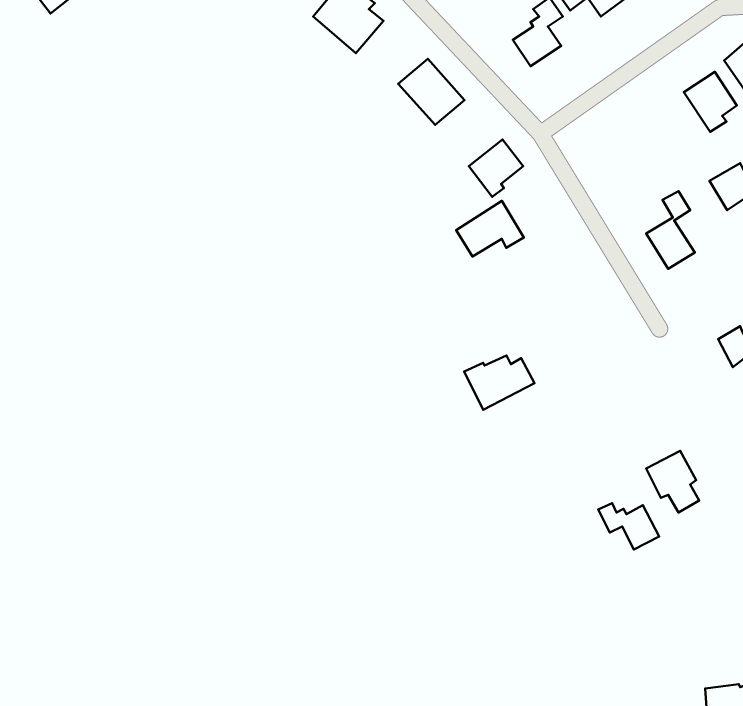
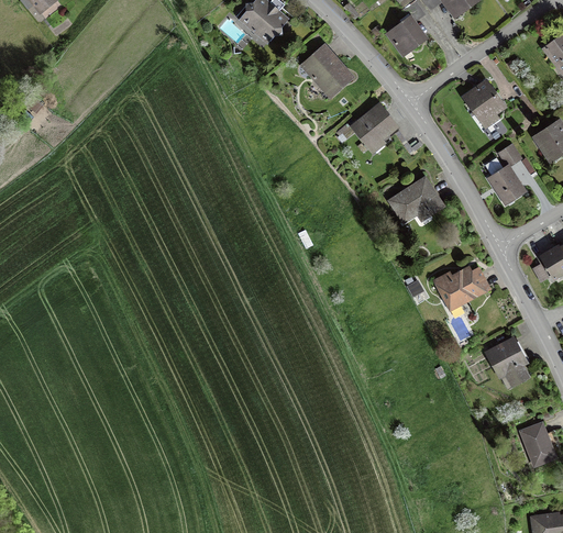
building: [684,72,737,132] -> [464,81,504,126]
building: [456,201,524,257] -> [390,180,441,222]
building: [464,355,534,410] -> [435,268,488,309]
building: [598,503,659,550] -> none
building: none -> [521,423,555,466]

